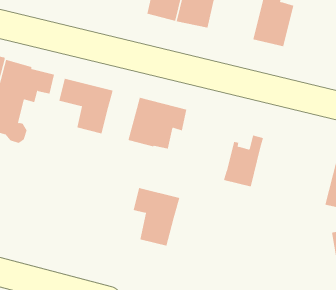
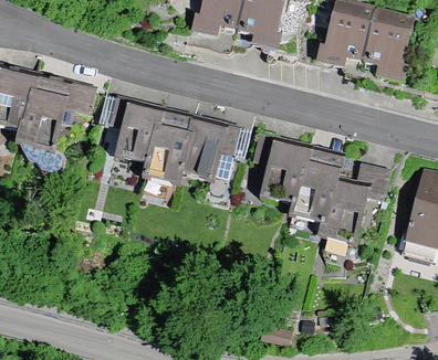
building: none -> [362,10,410,67]
building: none -> [145,127,189,181]
building: none -> [321,165,388,242]
building: [133,188,180,247] -> [254,134,310,203]

